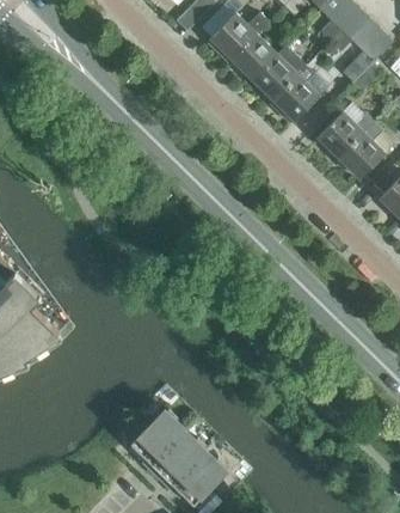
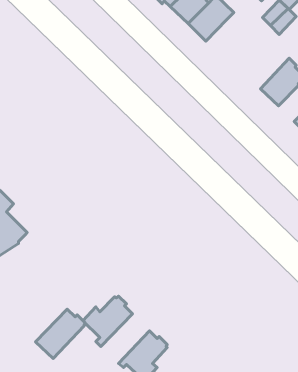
building: [273,66,320,123] -> none
building: [318,102,374,158] -> none
building: [147,429,207,489] -> [35,309,85,359]

